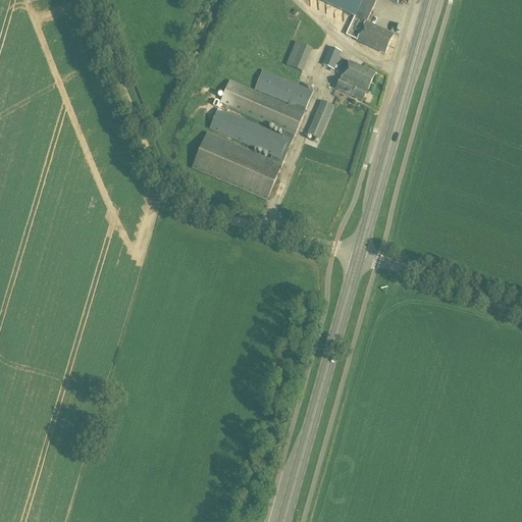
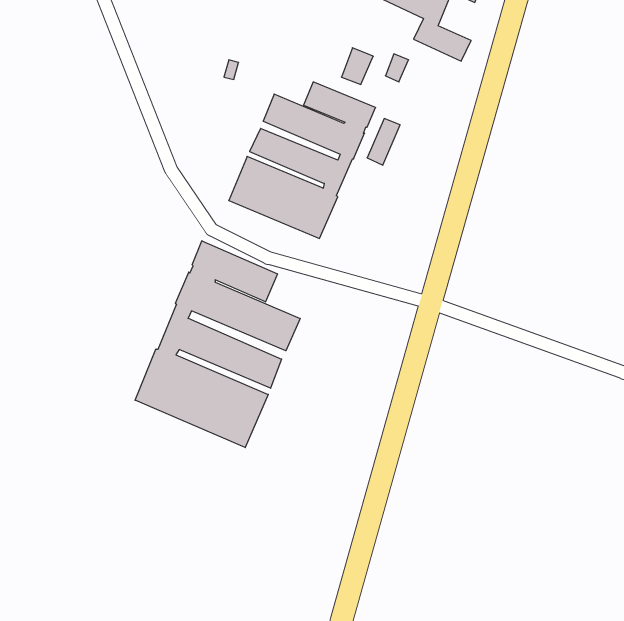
building: [335,60,374,99] -> none
building: none -> [135,241,300,448]

